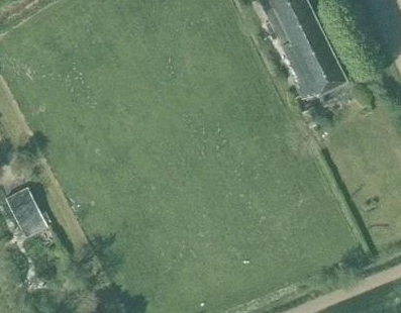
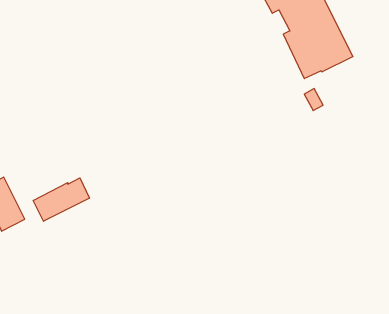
building: none -> [33,178,89,221]

